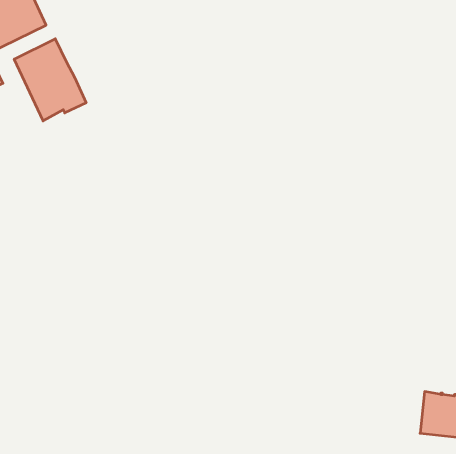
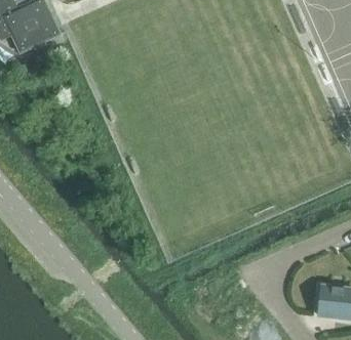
building: [14,39,86,121] -> none

